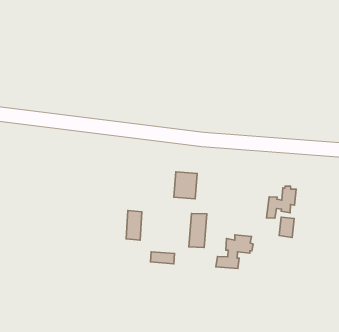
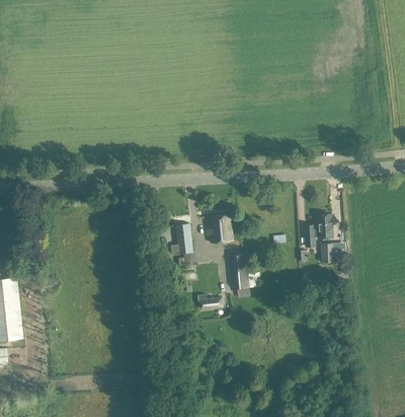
building: [126,211,142,240] -> [175,223,192,253]
building: [216,235,253,269] -> none

